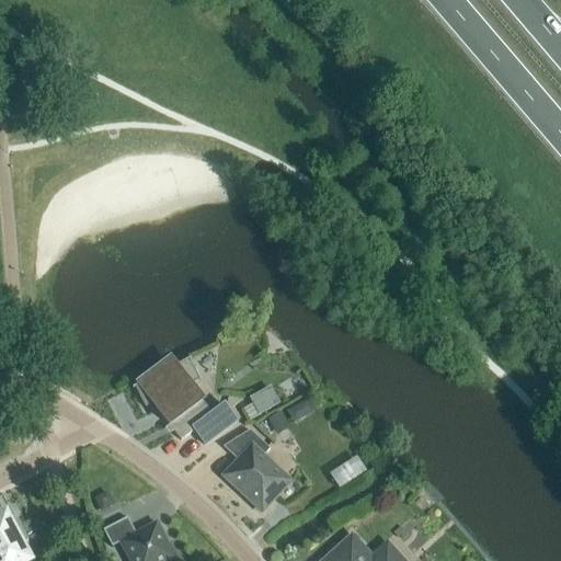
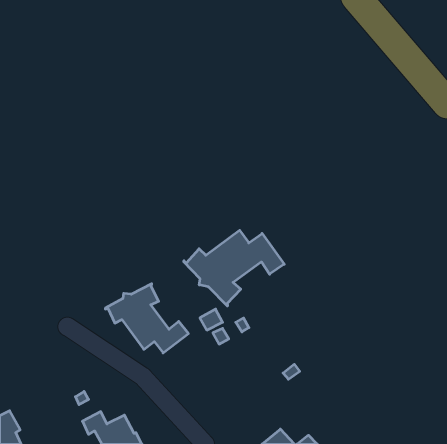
building: none -> [184,230,284,306]
building: [221,427,286,510] -> none

